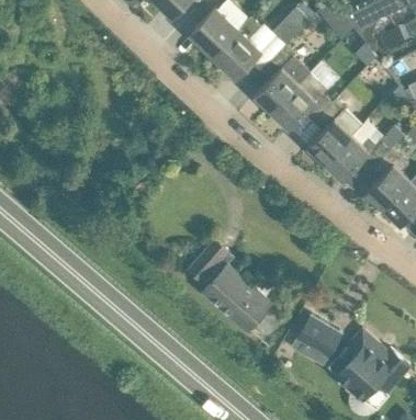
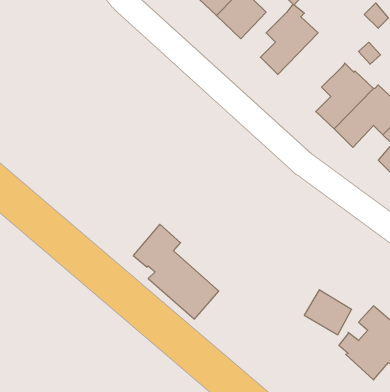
building: [271,72,333,129] -> none
building: [189,241,270,331] -> [133,224,219,319]

